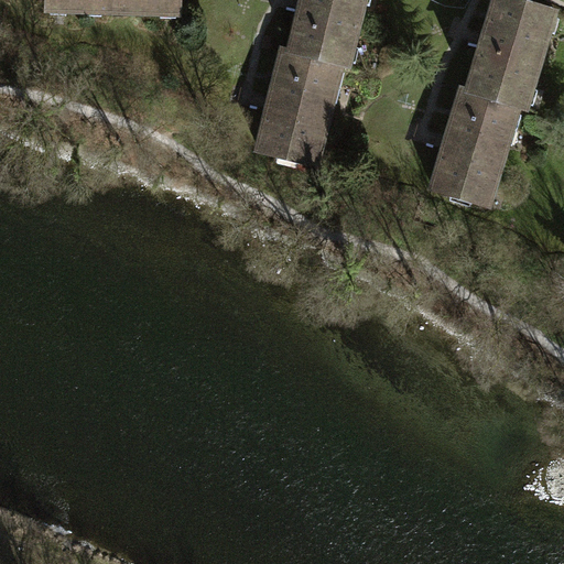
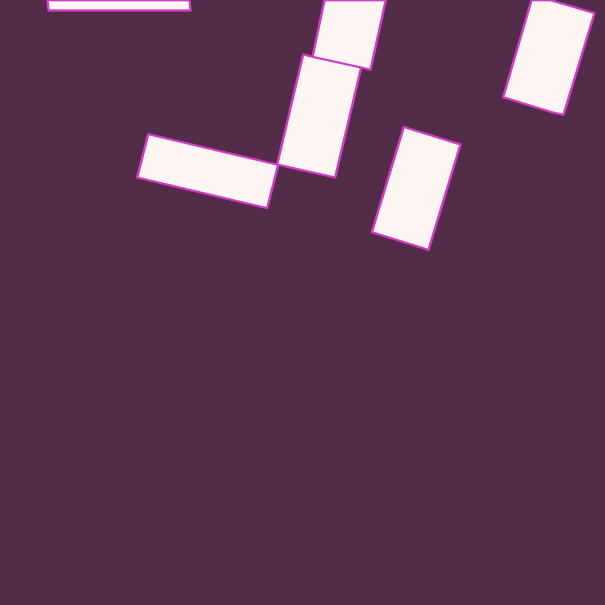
building: [432,88,514,203] -> [372,127,461,250]
building: none -> [137,134,278,208]

